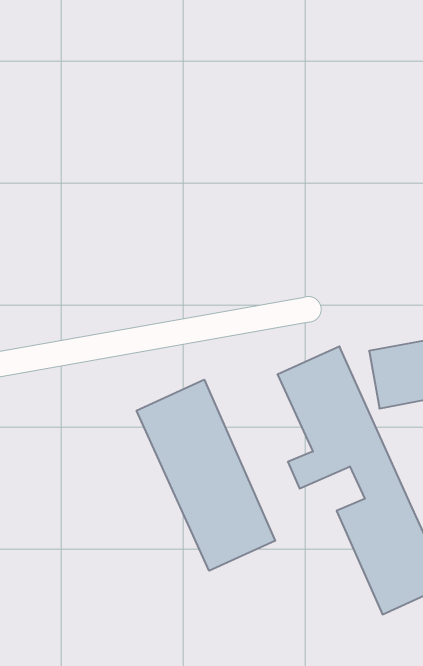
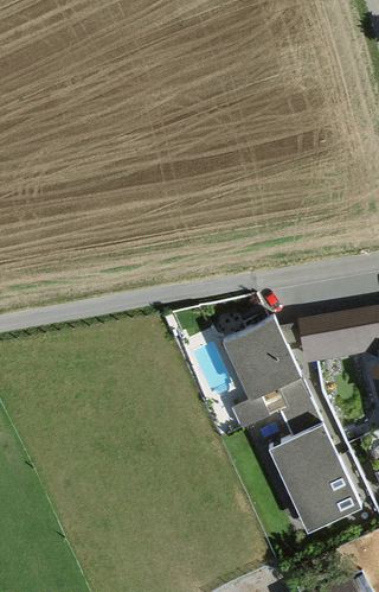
building: [137,380,275,571] -> none

